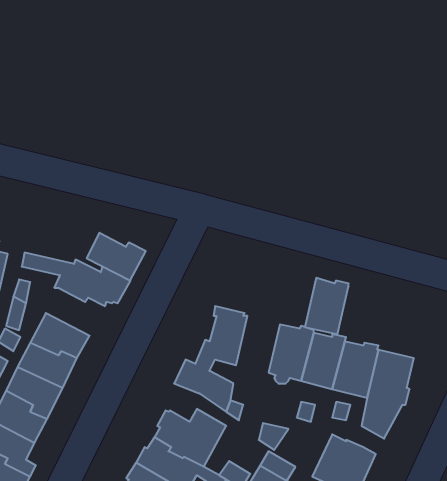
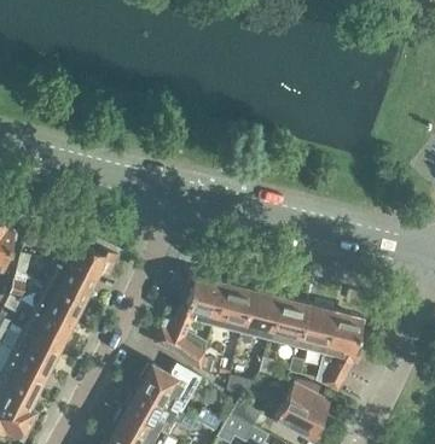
building: [87,233,146,281] -> [47,259,98,300]
building: [305,278,349,334] -> [210,284,248,332]

